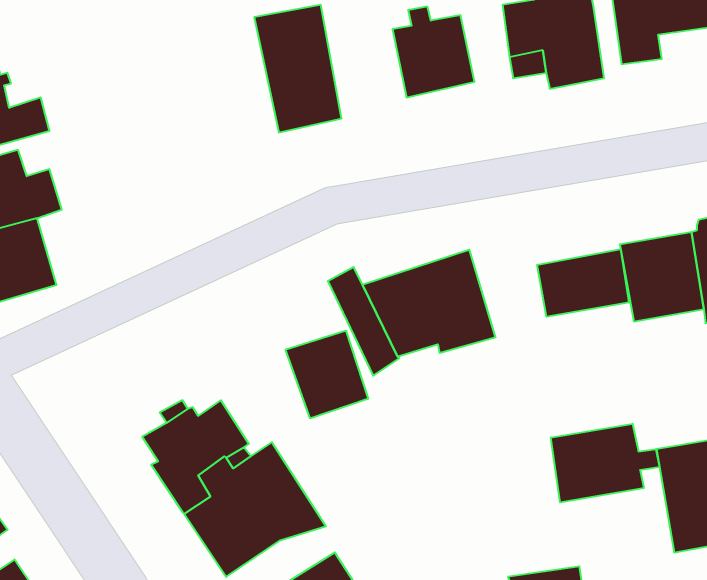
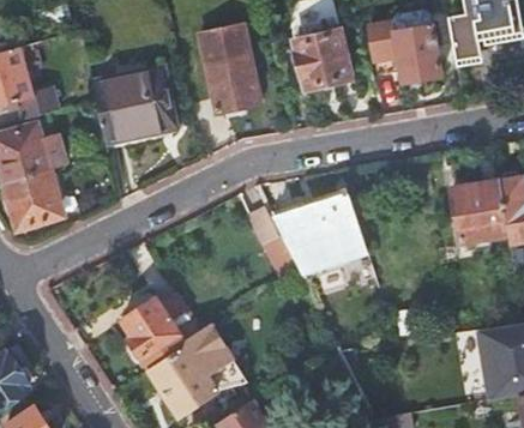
building: none -> [91,59,173,144]
building: [537,249,629,317] -> none
building: [286,331,368,418] -> none
building: [551,424,660,502] -> none

